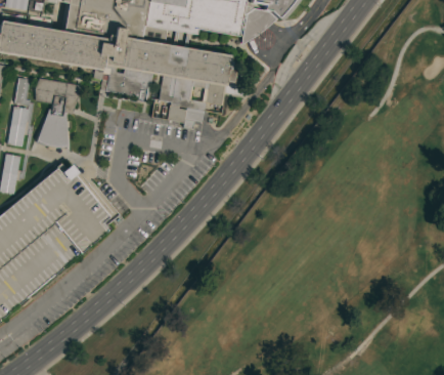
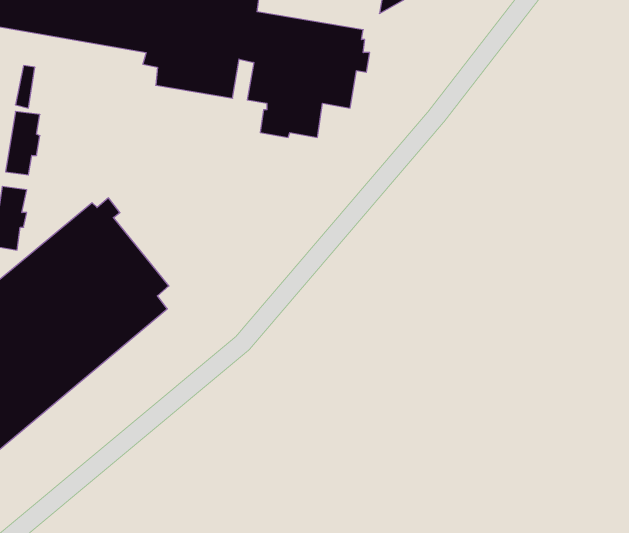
building: [35,77,79,150] -> none

